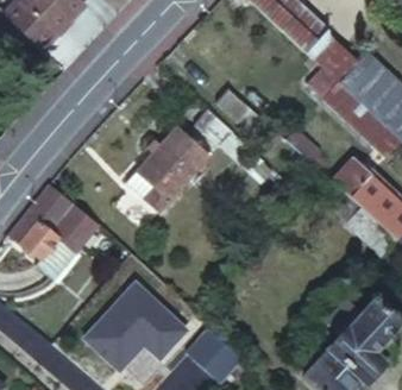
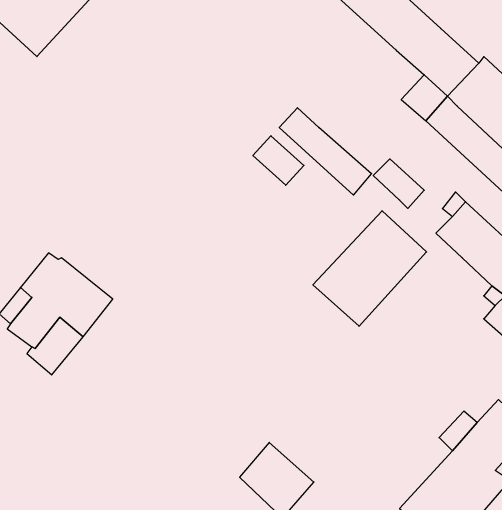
building: [130,126,212,209] -> [313,211,427,326]
building: [87,281,188,363] -> none

